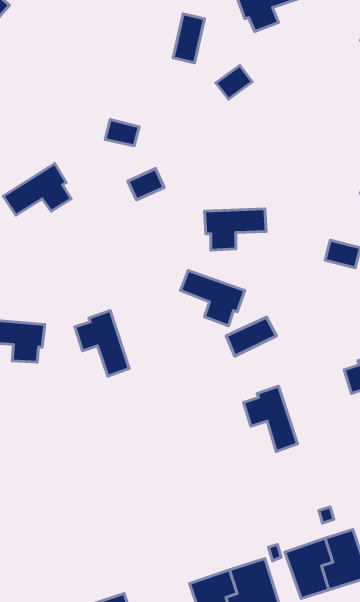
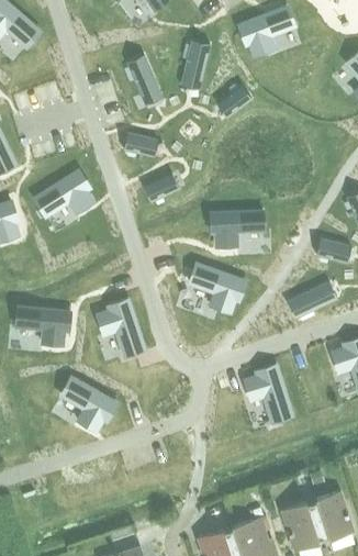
building: none -> [126,54,159,98]
building: [226,317,276,356] -> [287,285,331,319]
building: none -> [60,378,116,431]

